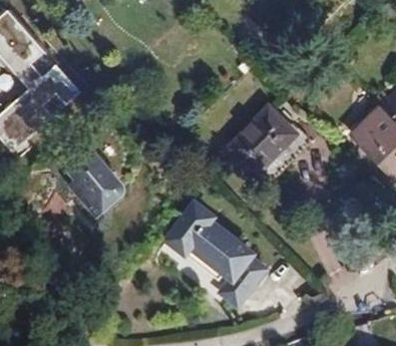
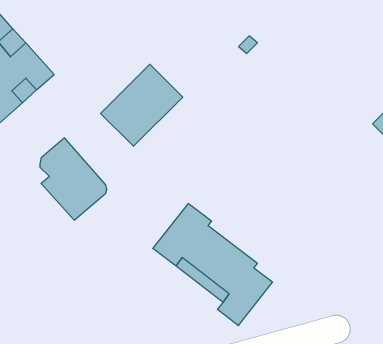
building: [227,105,297,176] -> [101,64,183,146]

